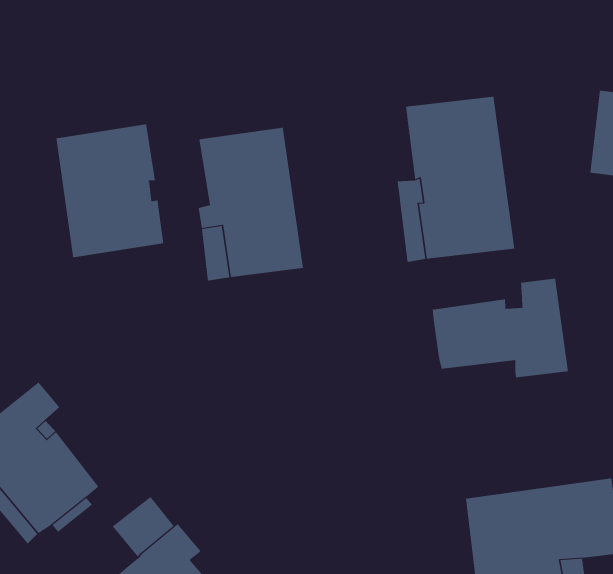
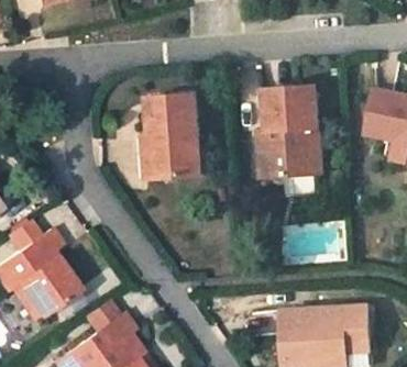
building: [56,123,164,258] -> none
building: [432,278,568,378] -> none

